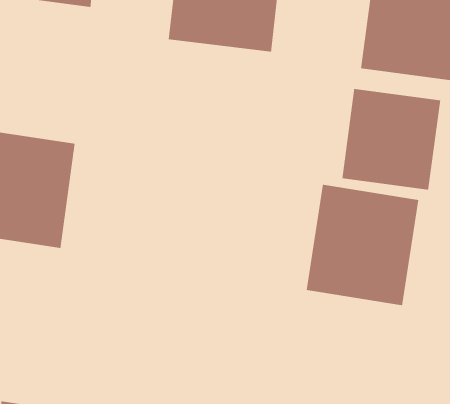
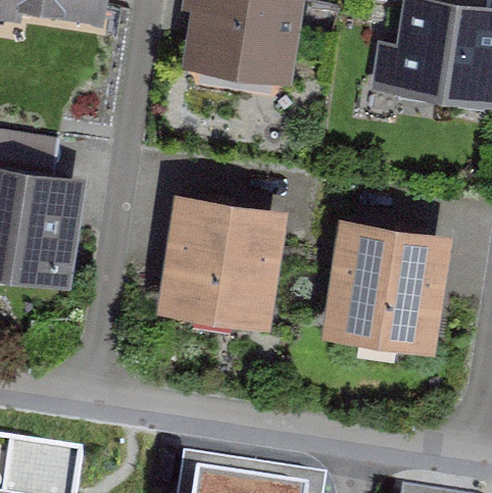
building: [342,88,441,191] -> none
building: none -> [166,197,287,332]

